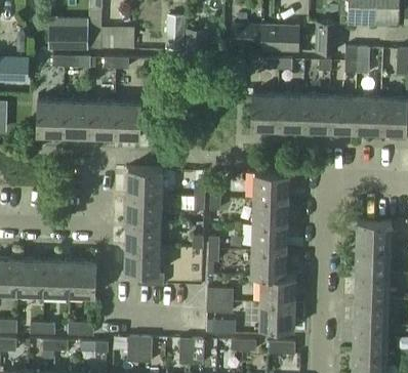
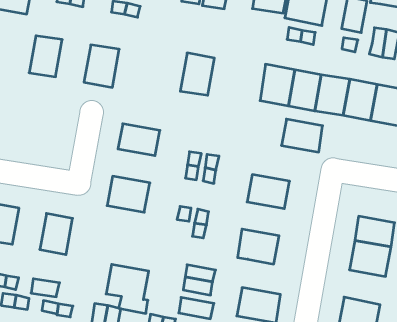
building: [62,100,89,136] -> none
building: [115,101,141,137] -> [180,53,214,95]
building: [254,173,289,199] -> [281,119,323,152]
building: [127,193,163,219] -> none
building: [252,223,288,250] -> none
building: [125,246,164,286] -> [106,264,149,313]
building: [45,260,72,295] -> none
building: [355,272,390,299] -> none
building: [260,276,297,303] -> none

